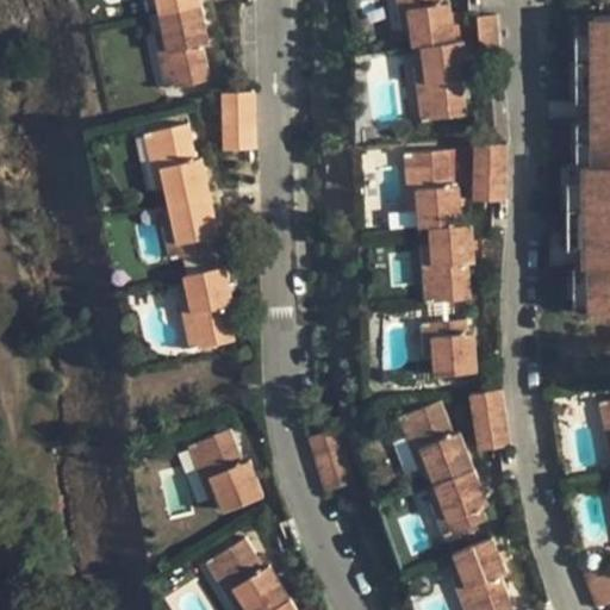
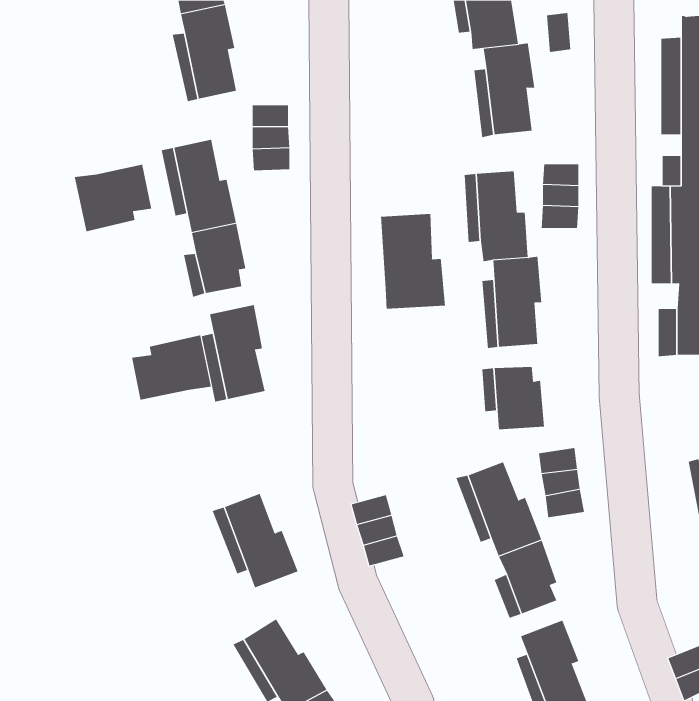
building: none -> [74,164,152,232]
building: none -> [380,213,445,310]
building: none -> [132,335,212,400]

